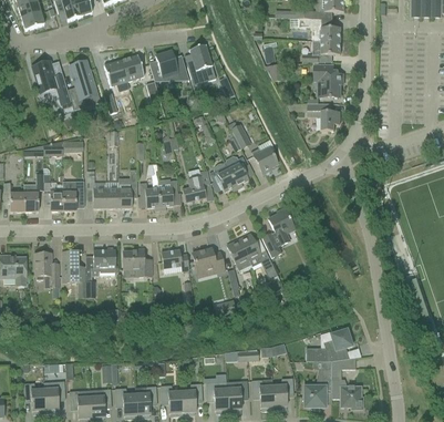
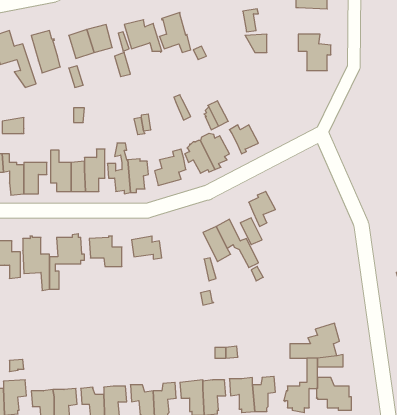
building: [303,40,341,62] -> none
building: [308,103,340,131] -> none
building: [193,248,225,277] -> none

